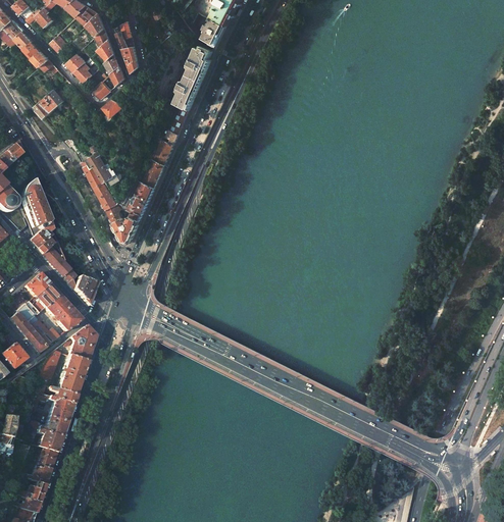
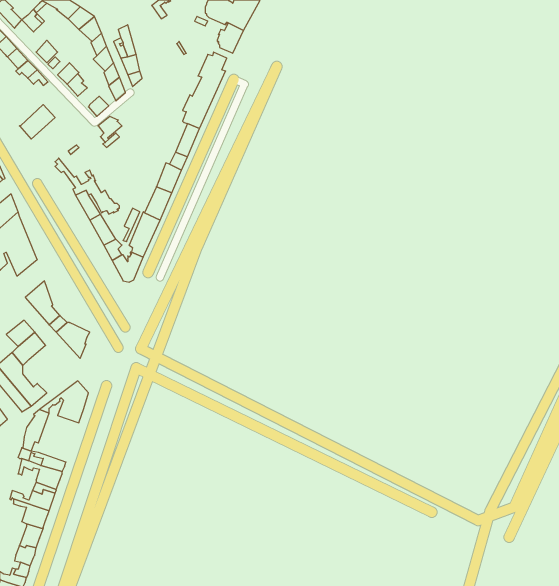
building: [28,222,56,255] -> none
building: [43,296,80,332] -> none
building: [51,356,86,396] -> none

